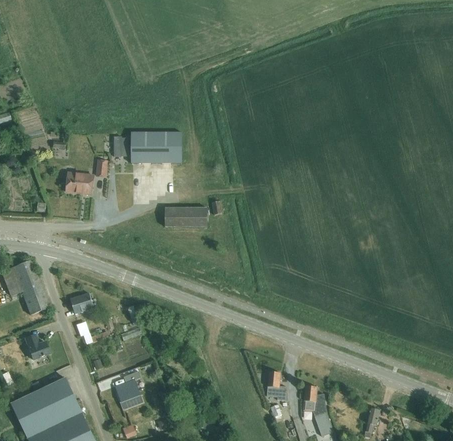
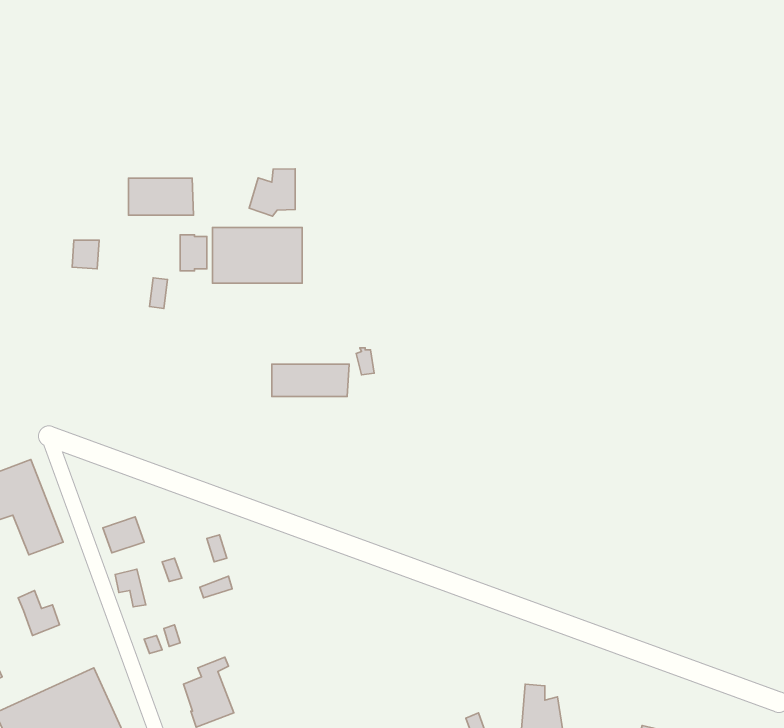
building: none -> [249,169,295,216]
building: none -> [129,178,194,215]
building: [67,172,94,194] -> none
building: [267,372,288,401] -> none

